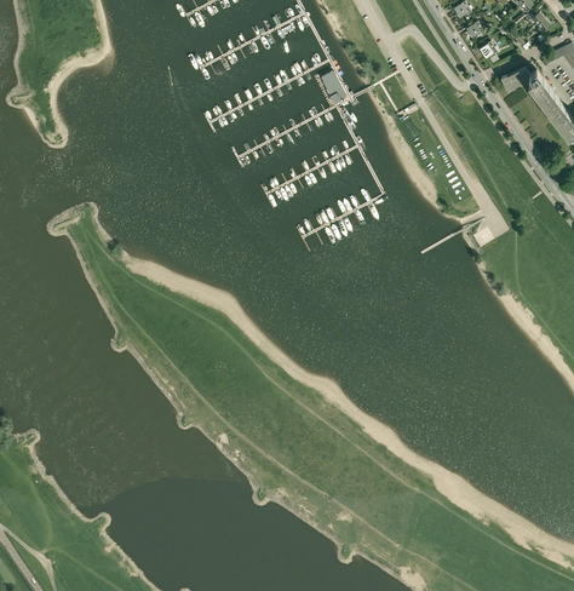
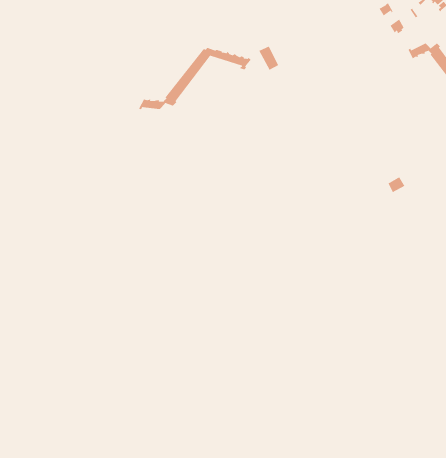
building: none -> [138,47,252,110]

